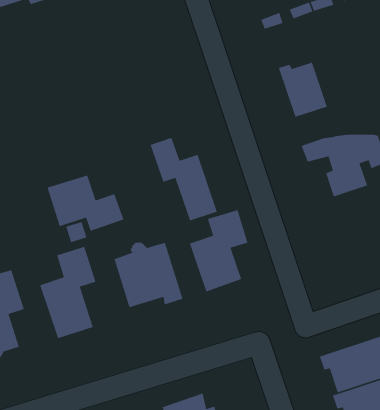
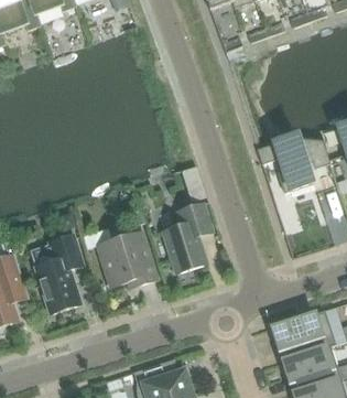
building: [278,57,328,118] -> none
building: [150,137,218,222] -> none
building: [46,175,125,232] -> none

